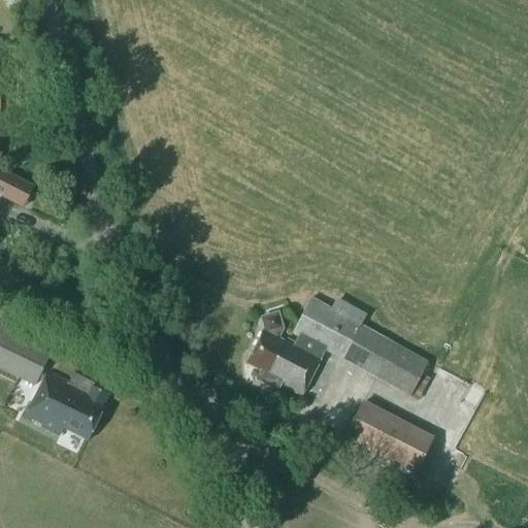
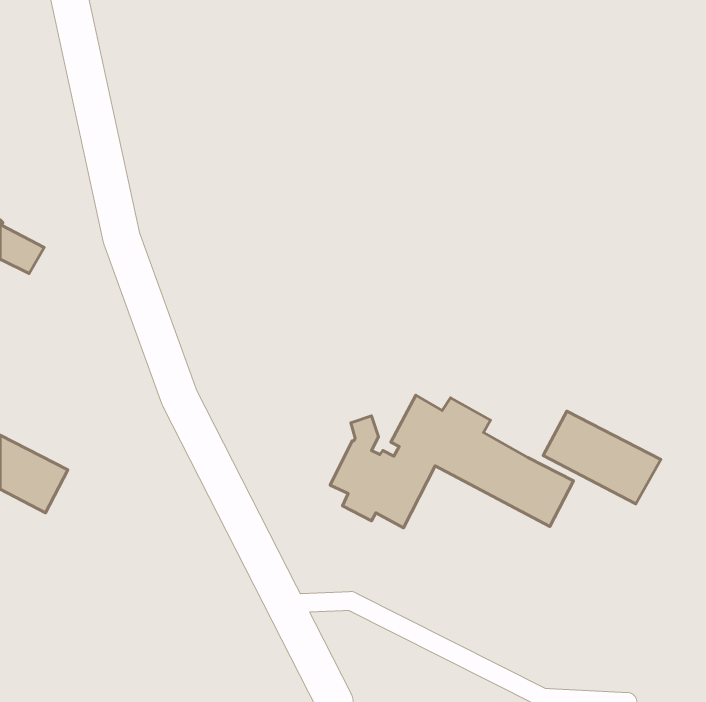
building: [25,369,108,438] -> none
building: [344,401,432,470] -> [543,411,661,504]

